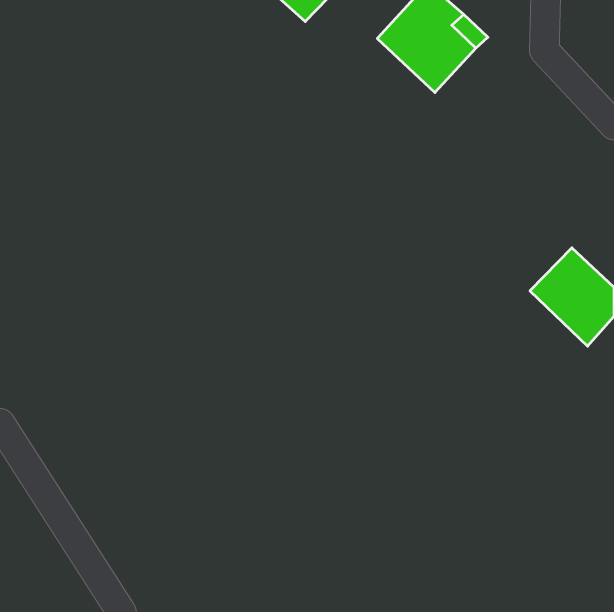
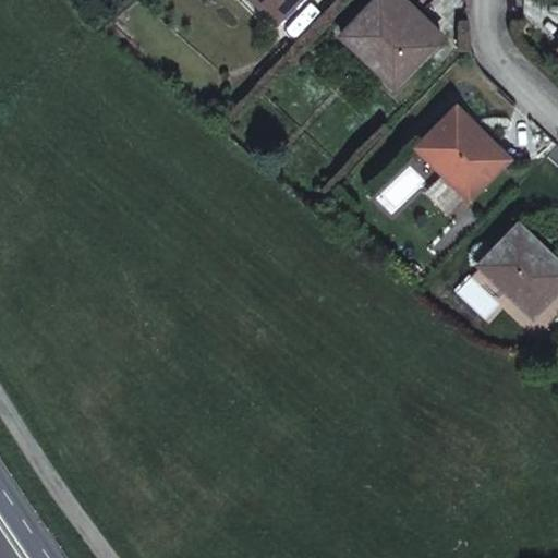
building: none -> [418,107,508,197]

